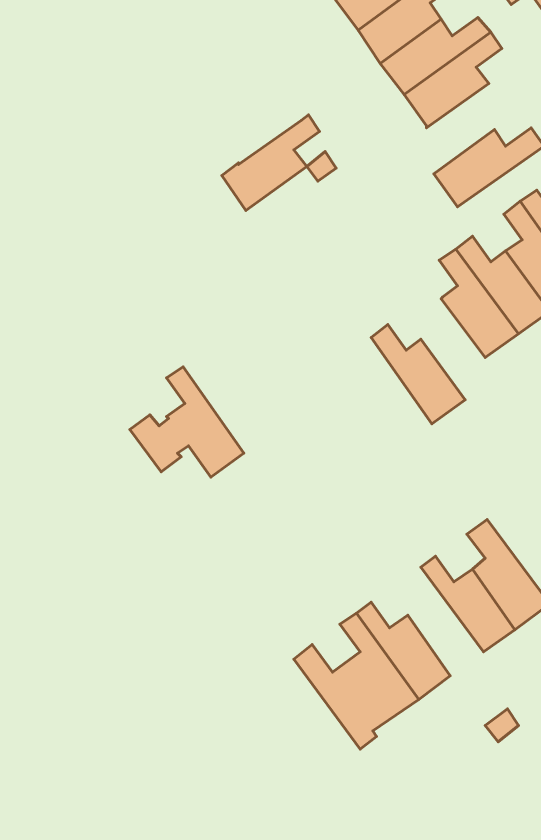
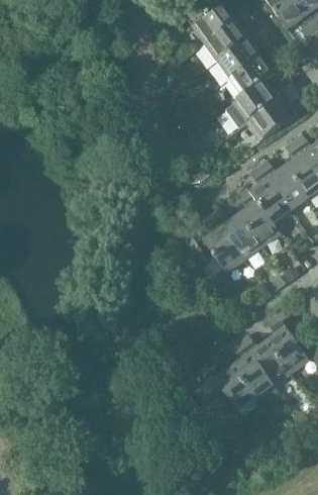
building: [222,115,320,210] -> [232,70,286,122]
building: none -> [238,186,281,246]
building: [130,367,244,477] -> [182,212,244,273]
building: none -> [228,338,273,398]

